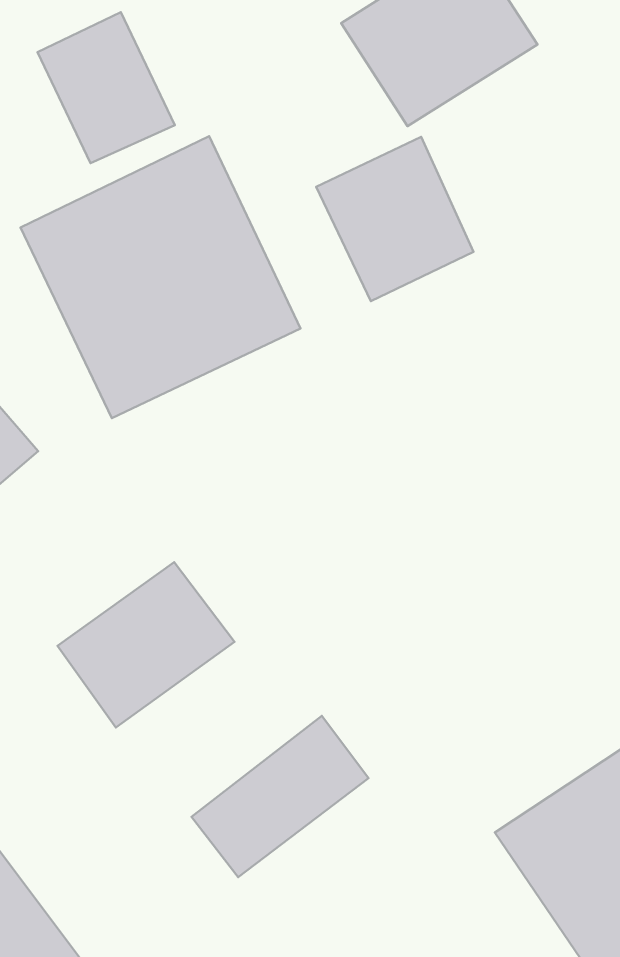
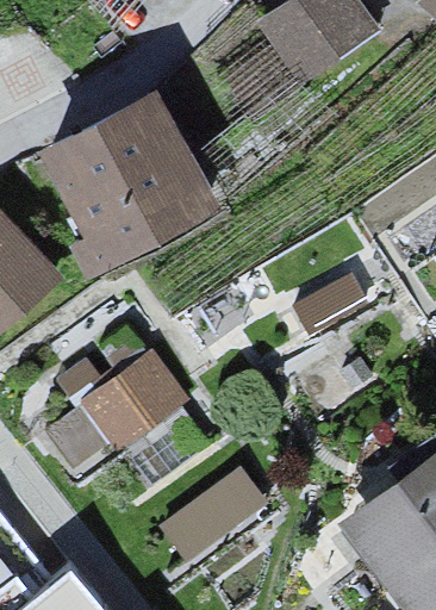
building: [37,12,175,163] -> none
building: [316,137,474,301] -> none

